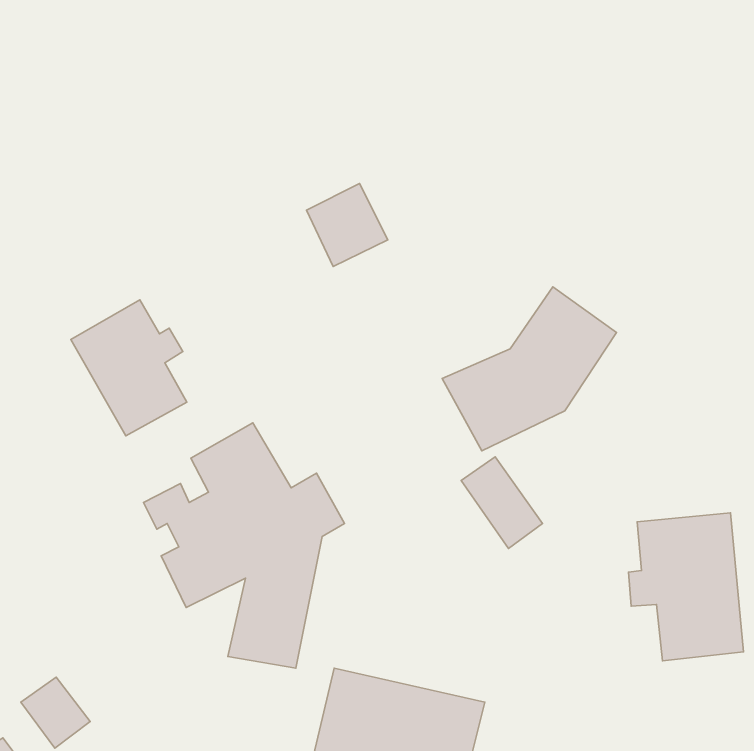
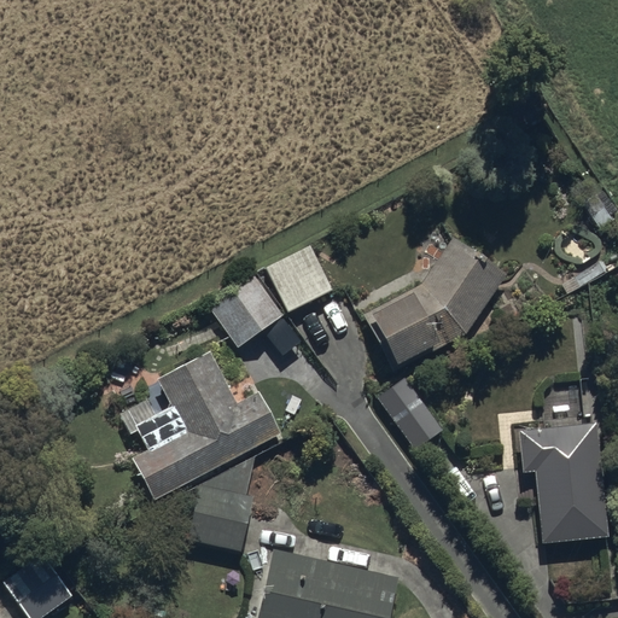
building: [306,184,388,266] -> [266,245,332,313]
building: [71,300,187,436] -> none
building: none -> [206,273,282,349]

